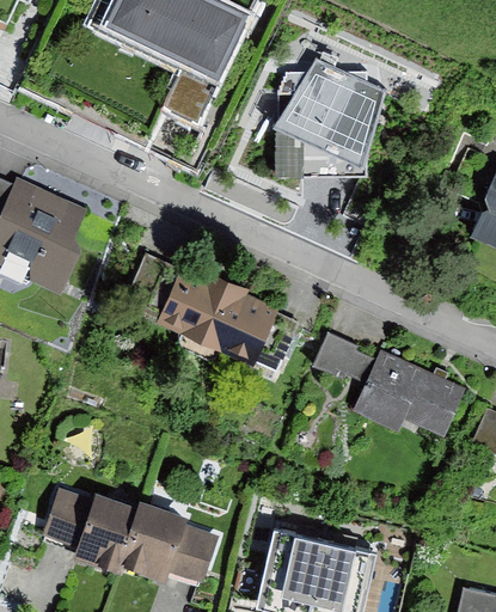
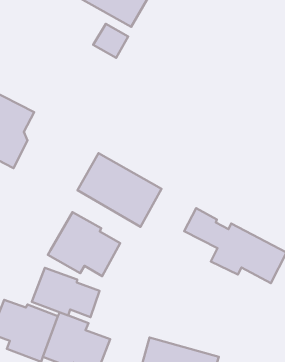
building: [275,72,381,183] -> none
building: none -> [48,212,120,276]
building: none -> [32,268,99,317]

